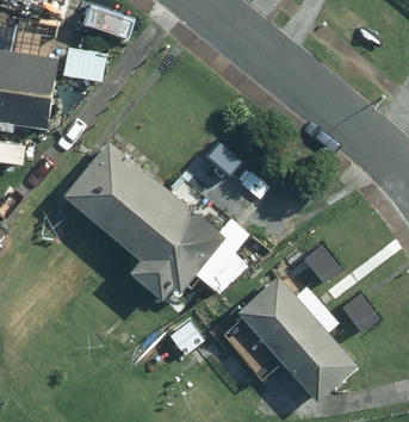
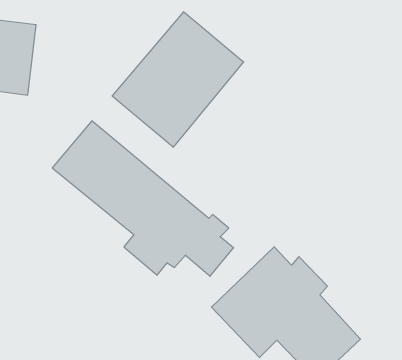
building: none -> [112,12,244,147]

